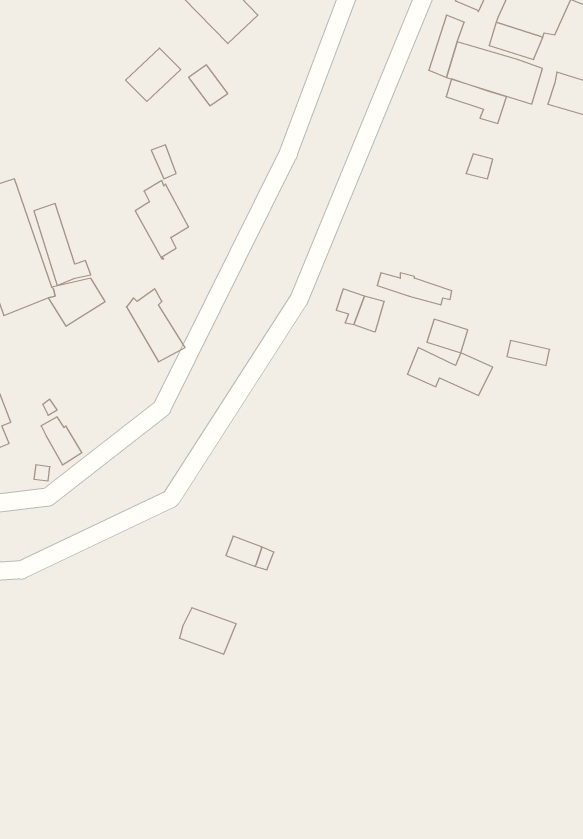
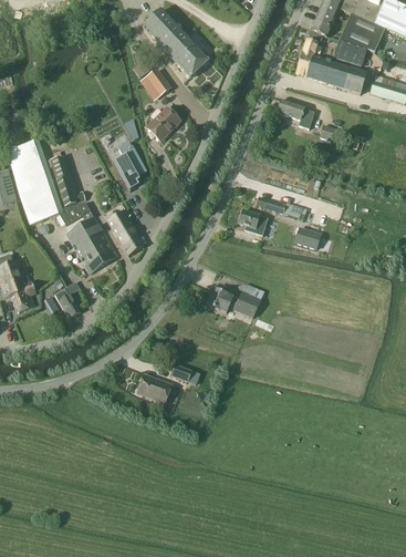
building: none -> [170,38,209,76]
building: [126,48,181,101] -> [146,106,180,140]
building: [446,79,507,123] -> [277,100,314,127]
building: none -> [65,216,117,271]
building: [407,348,493,396] -> [208,287,261,317]
building: [179,608,236,654] -> [136,373,171,402]

